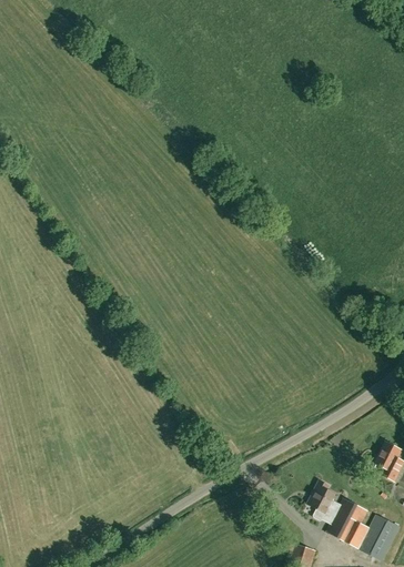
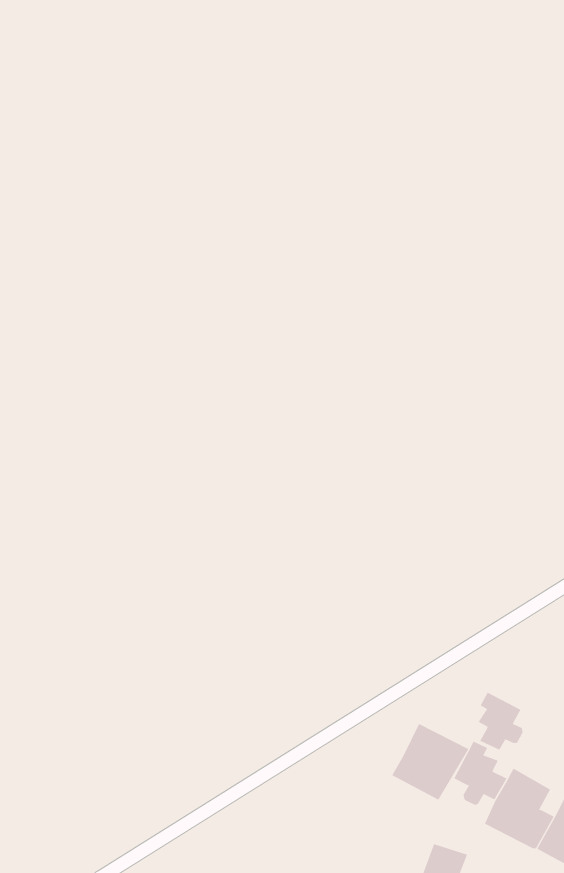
building: none -> [478,692,523,751]
building: none -> [391,723,469,801]

